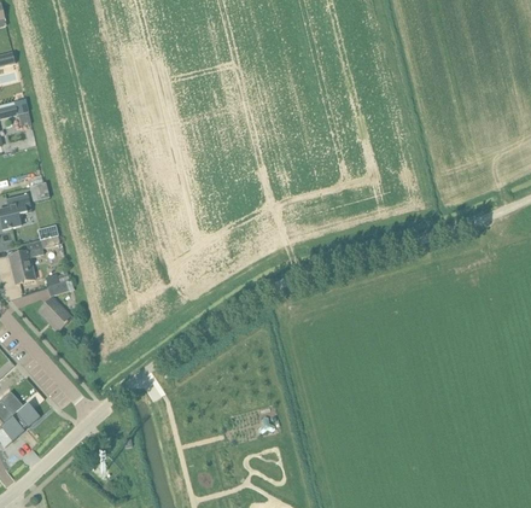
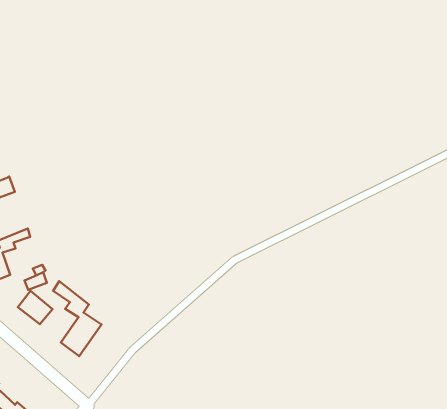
building: none -> [53,281,102,356]

